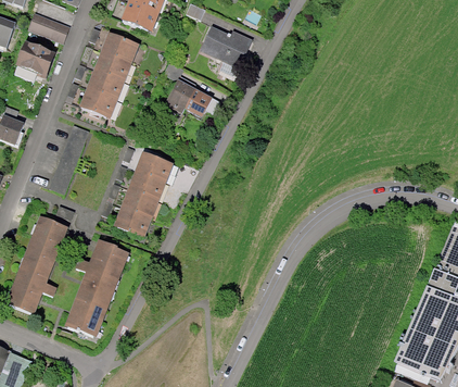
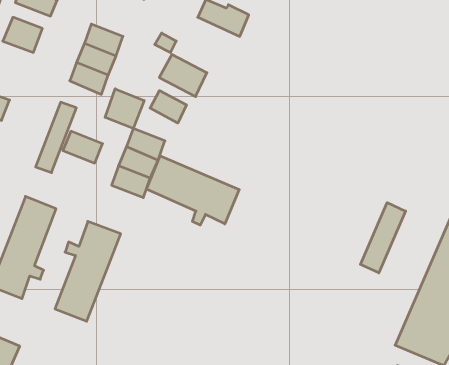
building: [102,33,139,63] -> none
building: none -> [105,89,144,128]
building: none -> [150,91,186,123]
building: none -> [146,156,239,225]
building: [114,205,152,236] -> [63,131,103,163]
building: none -> [360,203,406,273]

